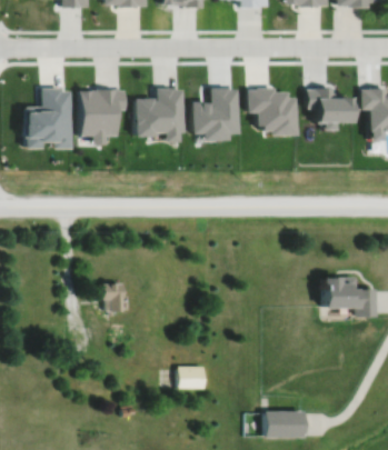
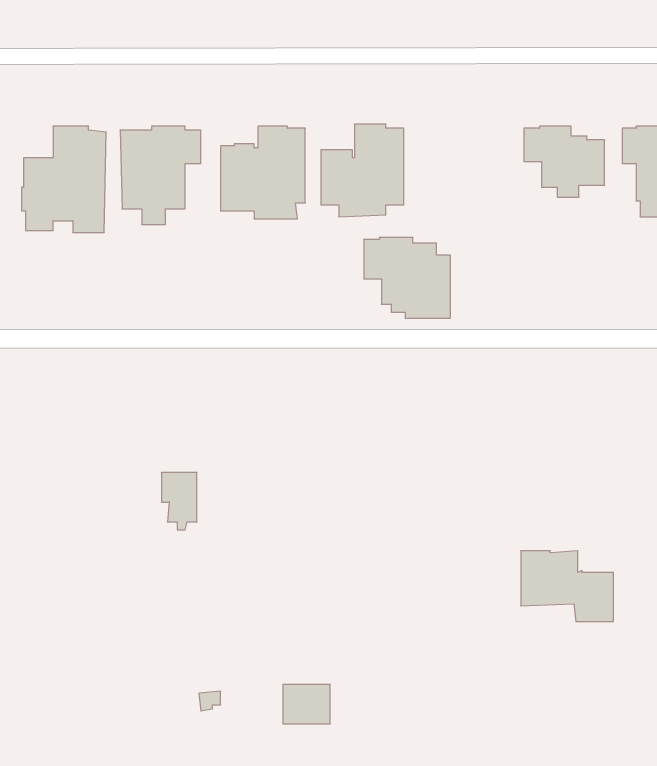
building: [248,88,297,133] -> [364,237,450,318]
building: [325,277,377,317] -> [521,551,613,622]
building: [179,367,206,389] -> [283,684,330,724]
building: [266,412,306,438] -> none

